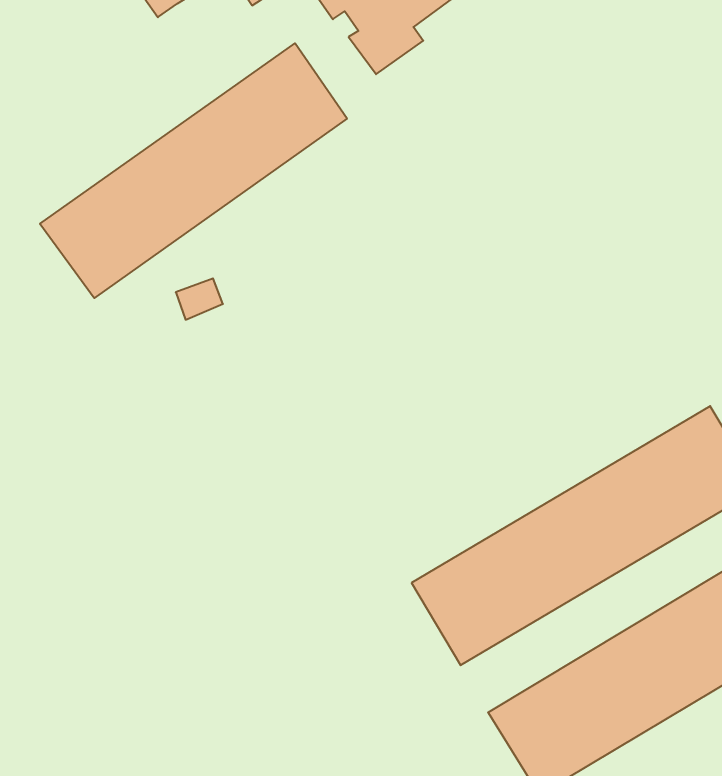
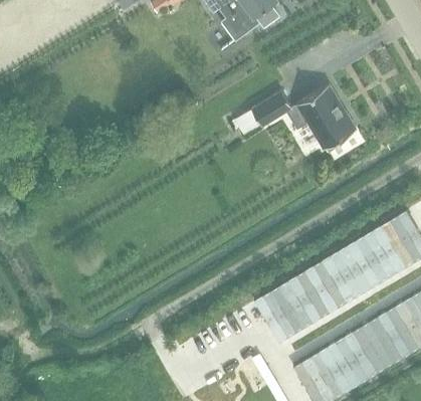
building: [40,43,347,298] -> none
building: none -> [251,85,356,152]

